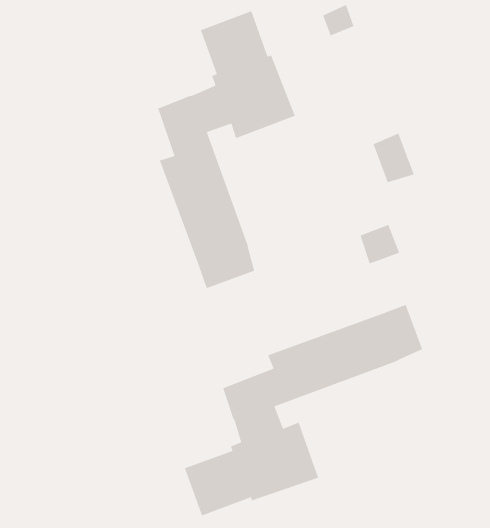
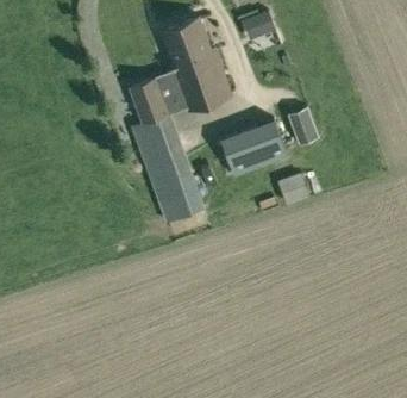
building: none -> [221,120,287,175]
building: [184,304,423,517] -> none

